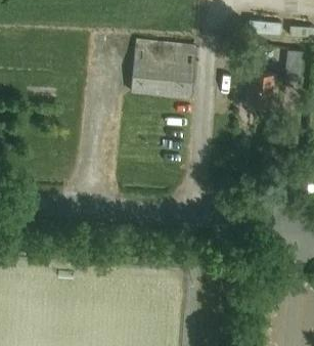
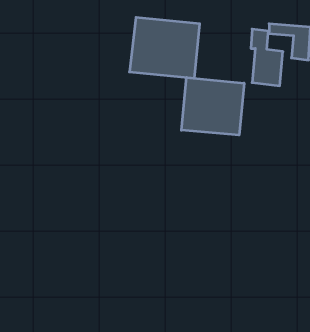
building: none -> [181,77,244,135]

